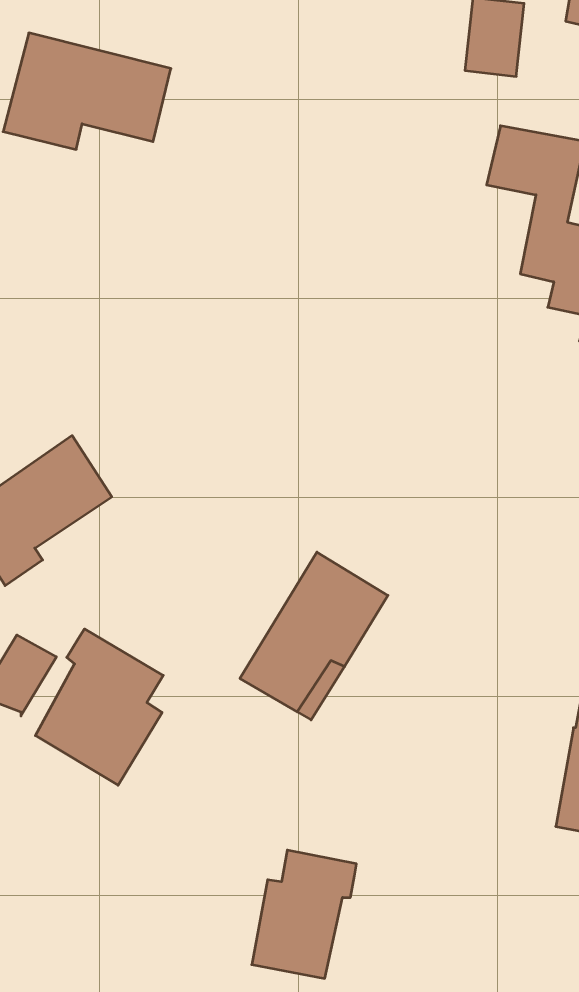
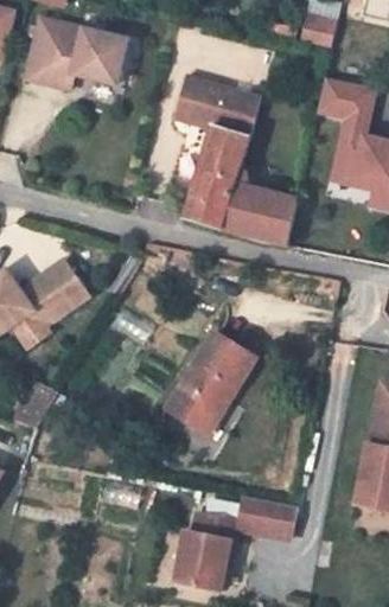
building: none -> [173,77,296,245]
building: [35,629,163,785] -> none
building: none -> [236,497,294,536]

